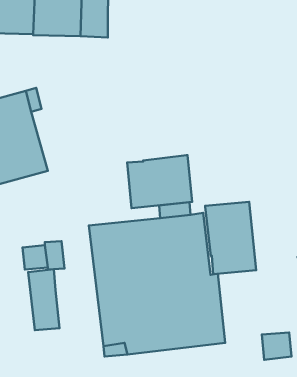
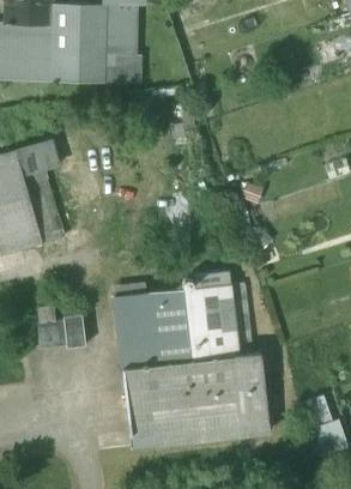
building: [127,155,192,208] -> none
building: [205,202,256,274] -> none
building: [28,269,60,330] -> none

